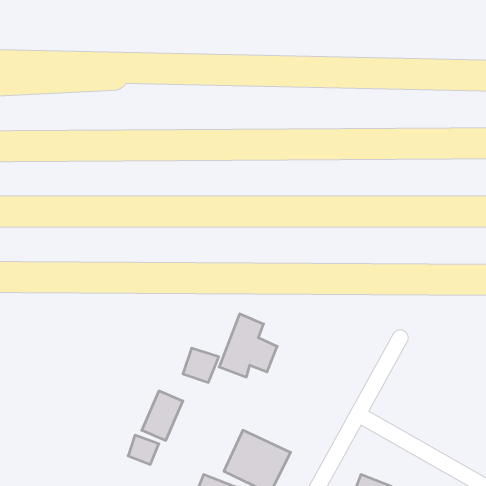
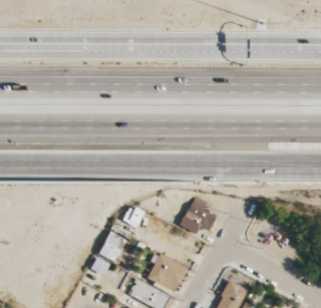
building: [219,314,277,377] -> [181,197,215,234]

